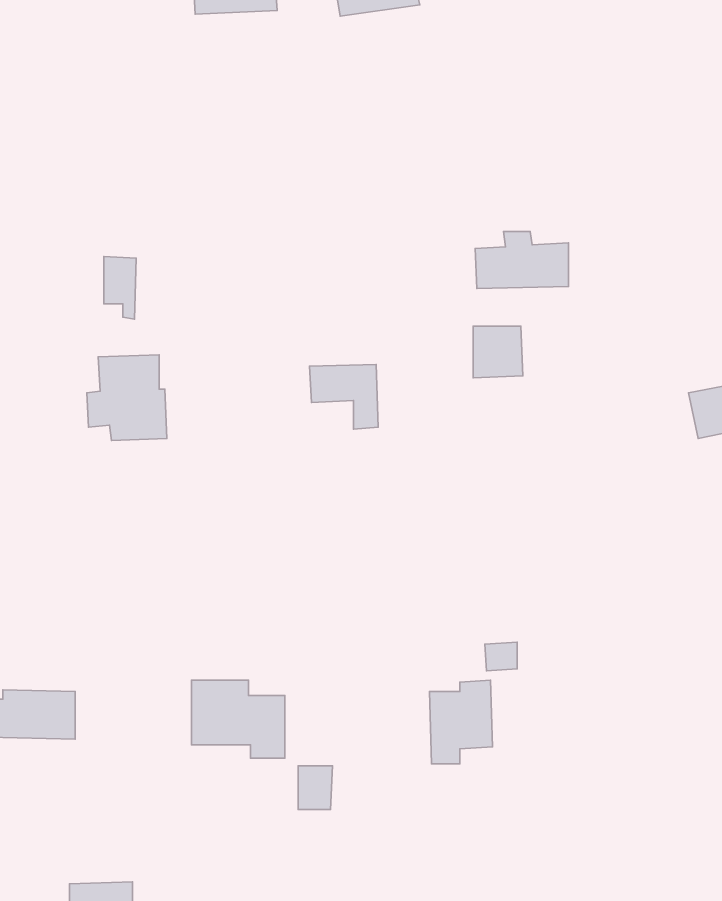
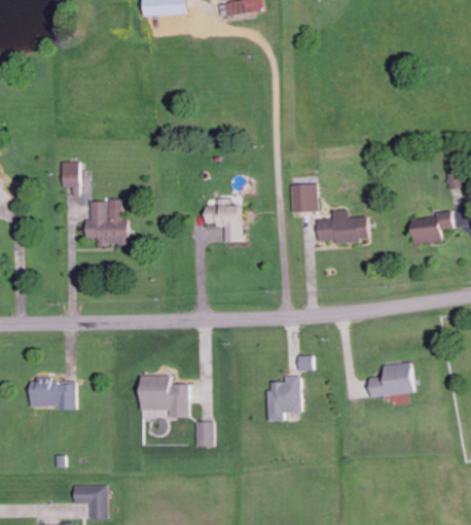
building: [475,231,568,289] -> [317,211,367,242]
building: [104,256,136,319] -> [61,162,78,196]
building: none -> [367,362,415,397]

